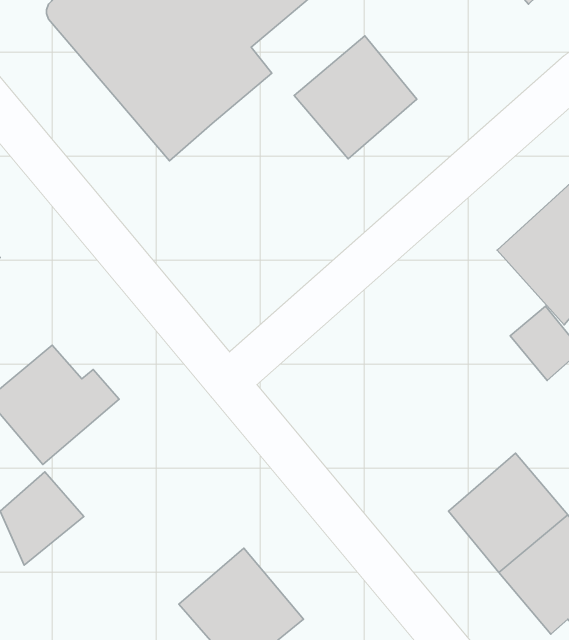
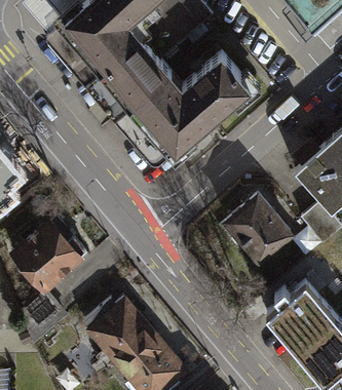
building: none -> [115,73,214,165]
building: none -> [227,194,293,260]
building: none -> [84,297,156,365]

